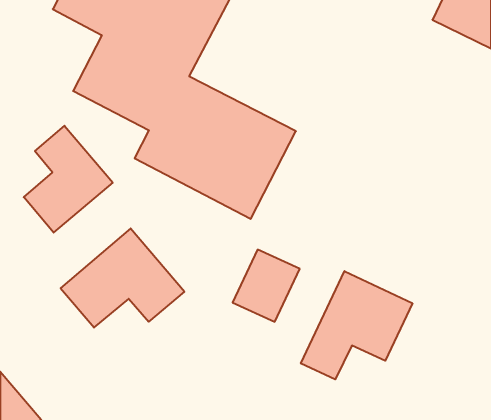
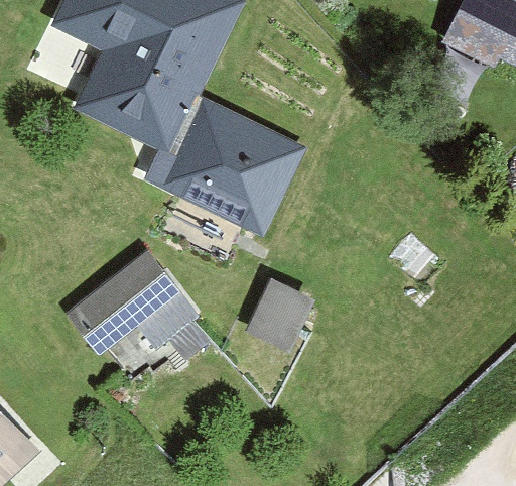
building: [24,126,113,233] -> none
building: [301,271,412,379] -> none

